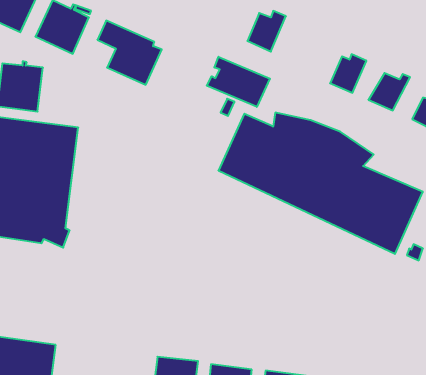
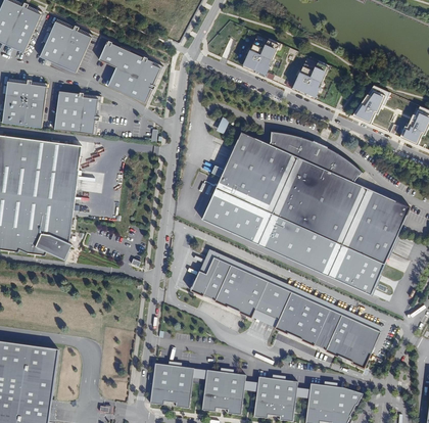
building: [330,54,366,93] -> [292,56,327,93]
building: [207,57,270,107] -> none
building: none -> [53,92,96,135]
building: none -> [201,185,382,294]
building: none -> [189,247,381,367]

